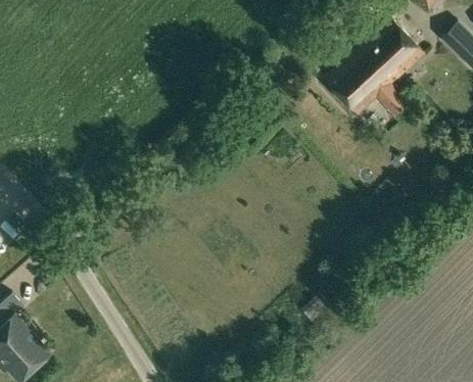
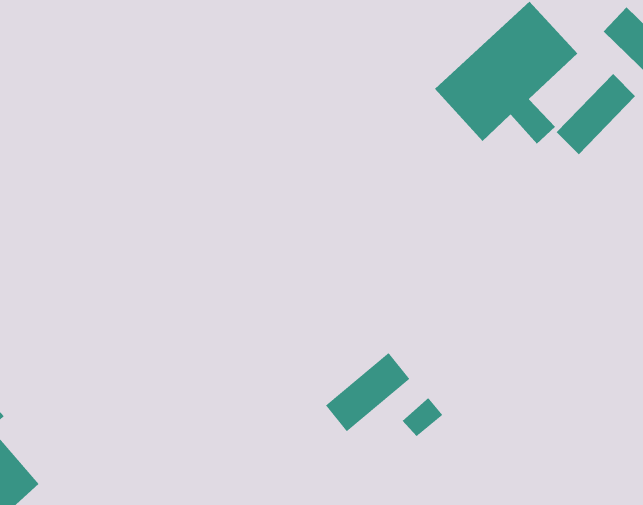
building: none -> [556,73,636,155]
building: none -> [325,352,410,432]

